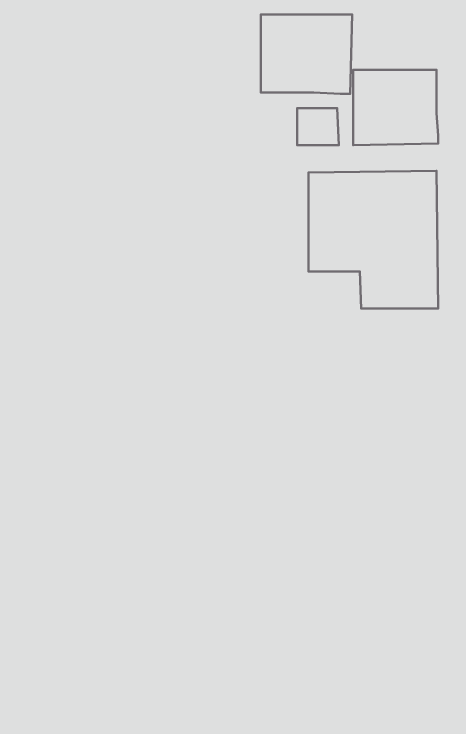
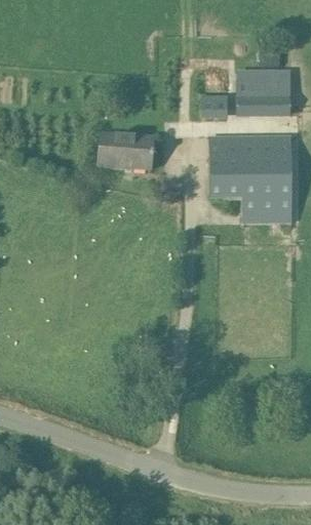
building: [261,15,352,94] -> none
building: none -> [98,132,153,169]

